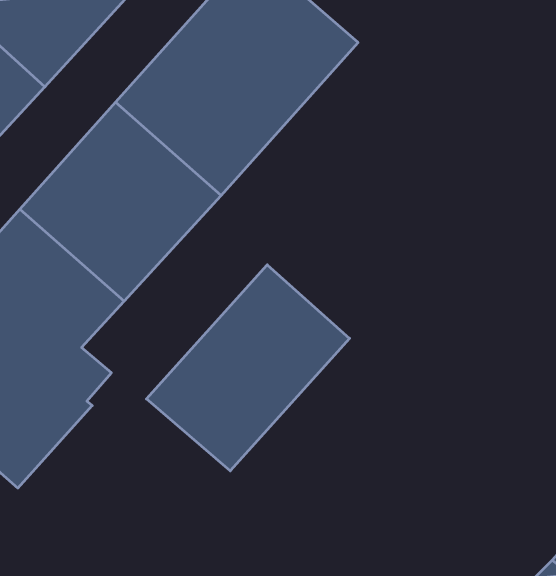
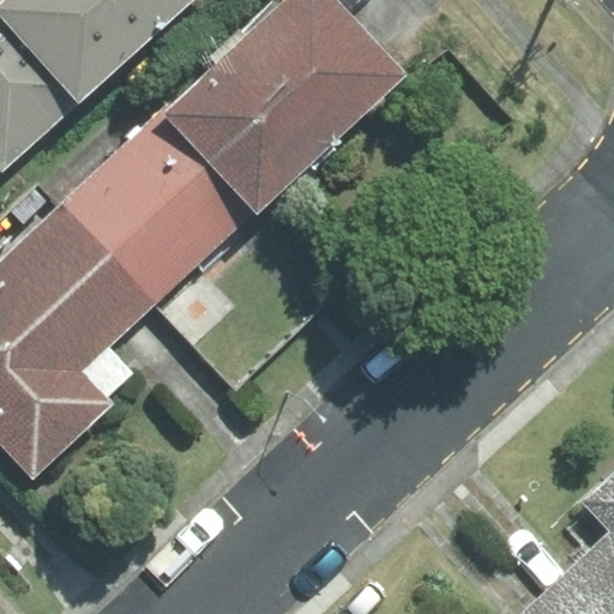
building: [146,265,350,471] -> none

